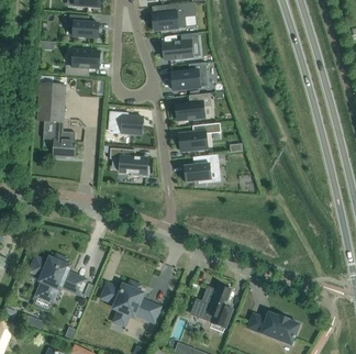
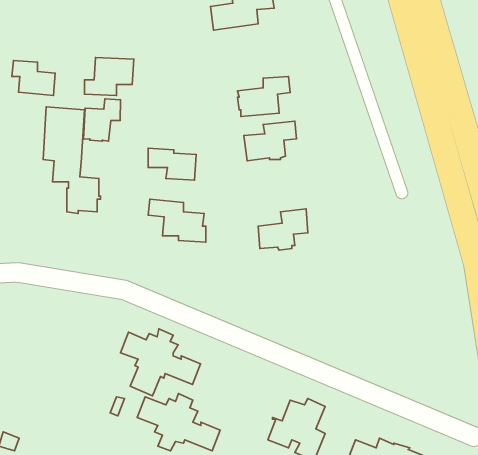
building: [69,14,99,38] -> [12,60,55,95]
building: [163,33,199,59] -> none
building: none -> [84,99,121,141]
building: [179,123,221,152] -> none
building: [31,255,86,301] -> [121,329,200,396]

